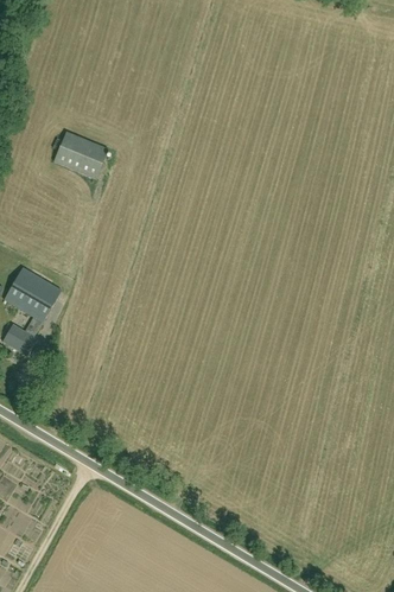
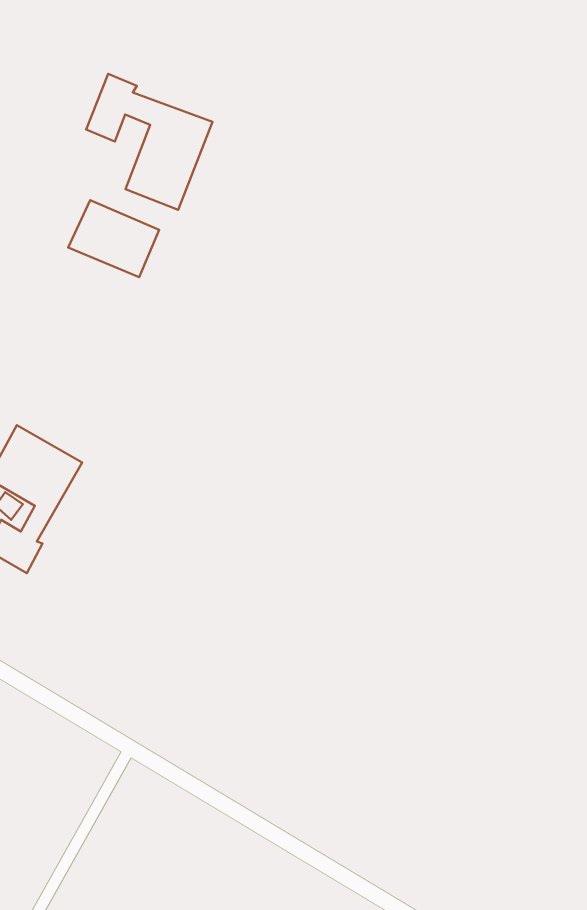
building: none -> [86,74,212,210]

